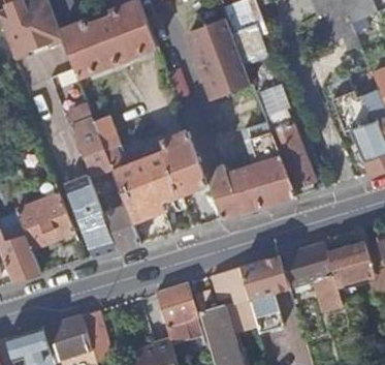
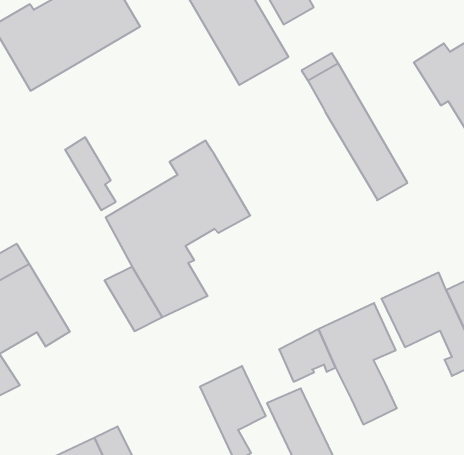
building: [70,107,111,174] -> none
building: [187,121,296,218] -> none
building: [64,176,117,256] -> none

